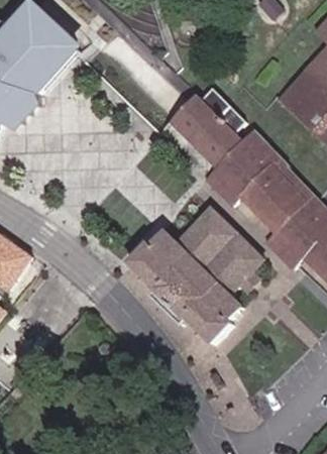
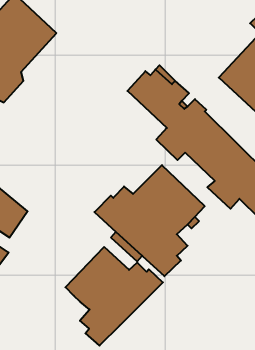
building: none -> [65,247,163,346]

